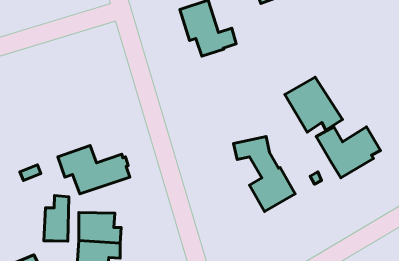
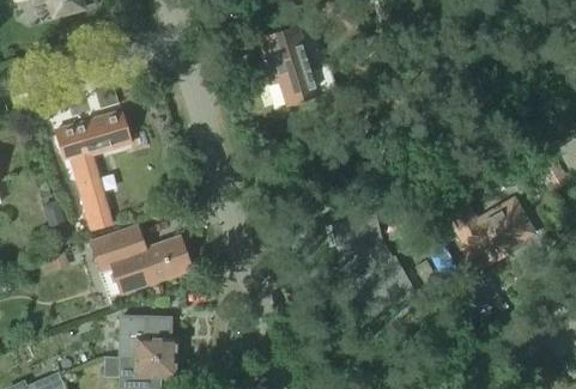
building: none -> [54,110,129,229]
building: [285,77,342,132] -> none
building: [44,196,69,241] -> none

